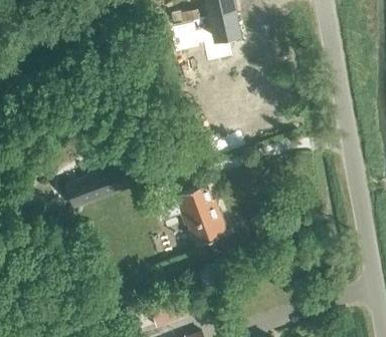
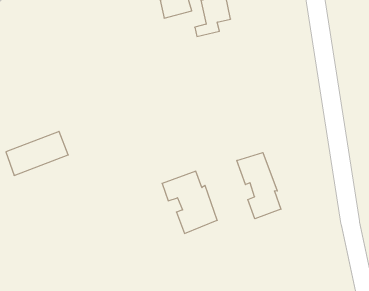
building: [64,165,126,209] -> [6,131,68,175]
building: none -> [237,153,281,219]

